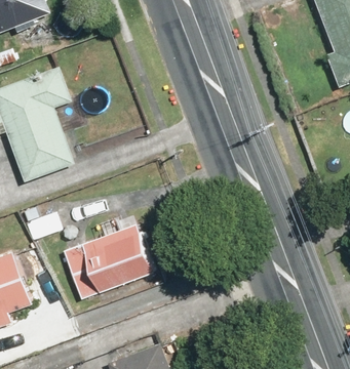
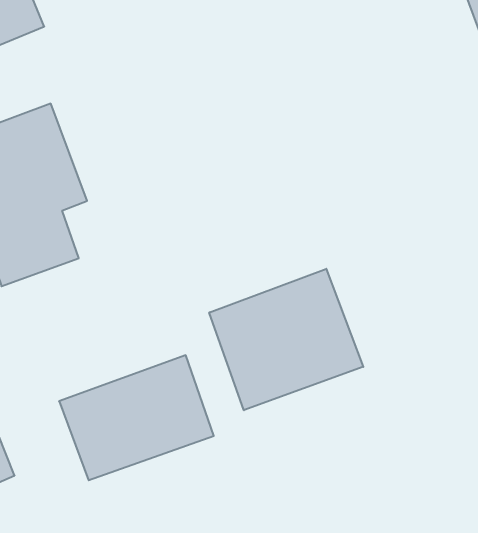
building: none -> [209,269,363,410]

